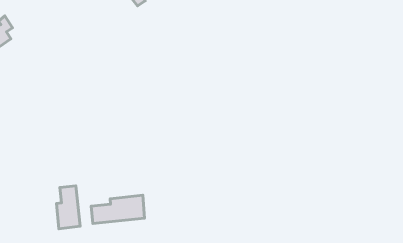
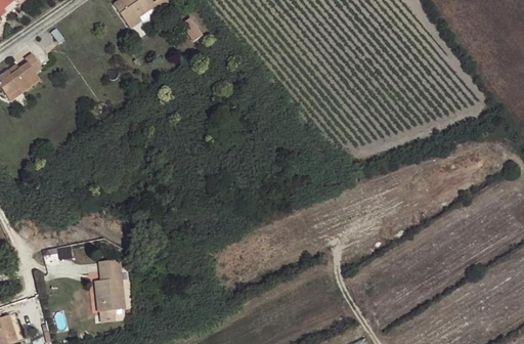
building: [91,195,145,223] -> none

